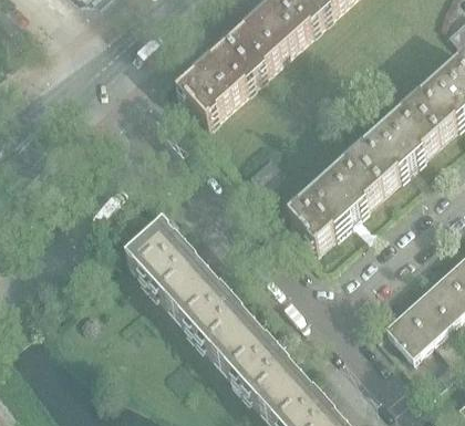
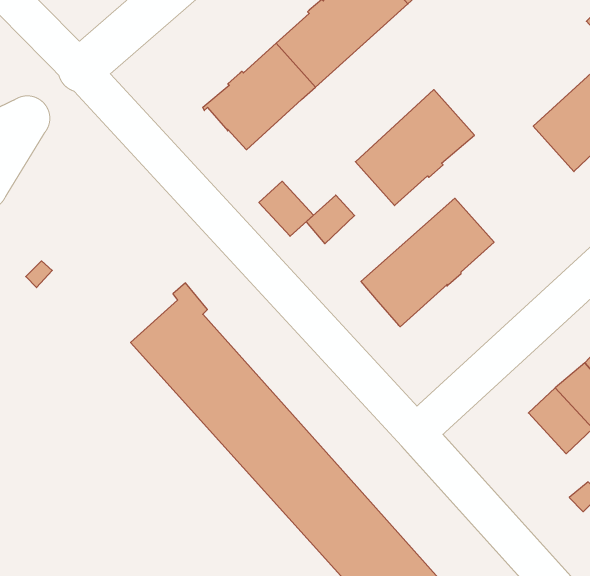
building: [354,102,438,184] -> [355,90,474,206]
building: none -> [259,181,313,236]
building: [385,304,433,352] -> none

